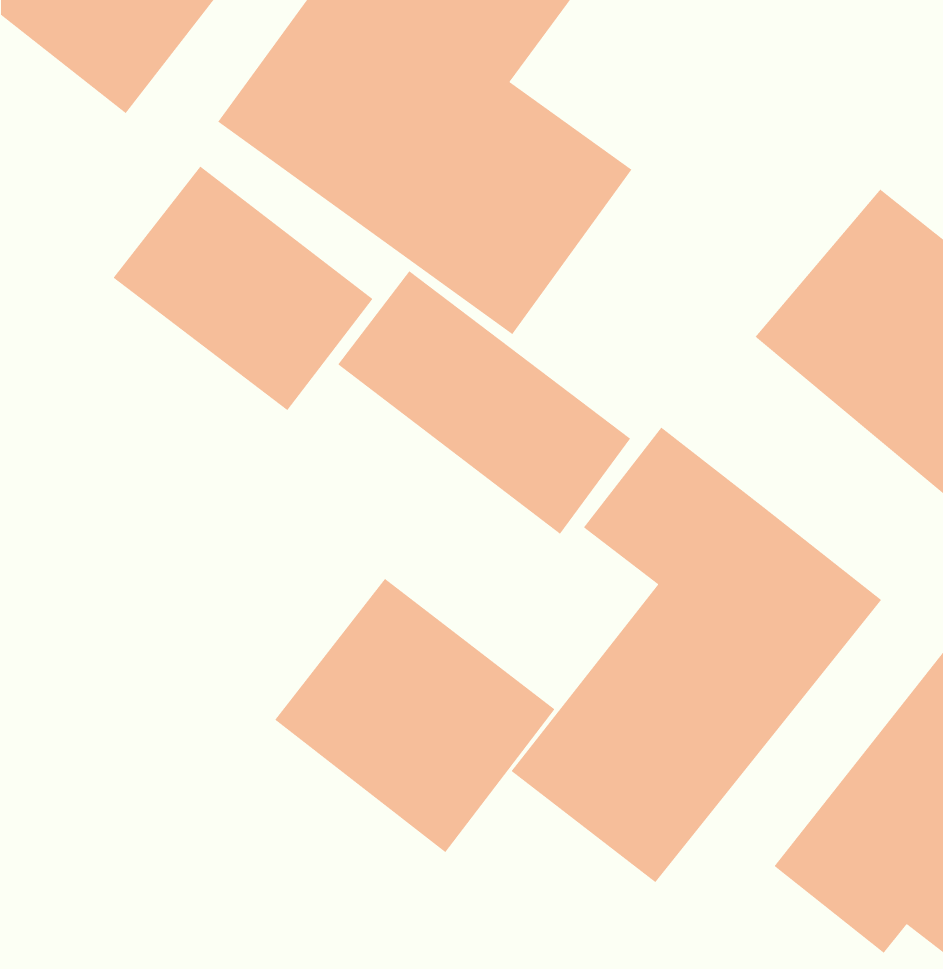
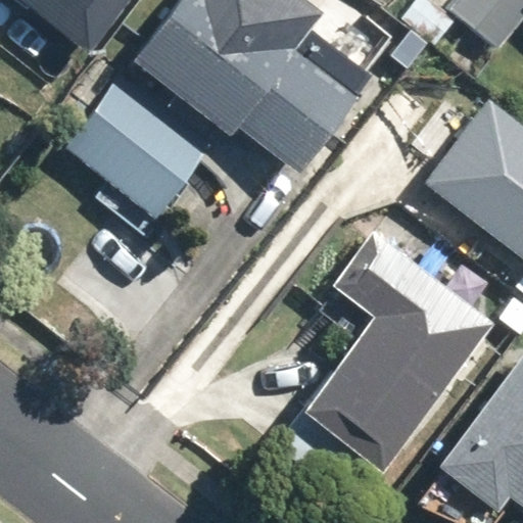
building: [337,270,631,535] -> none
building: [274,578,556,853] -> none

